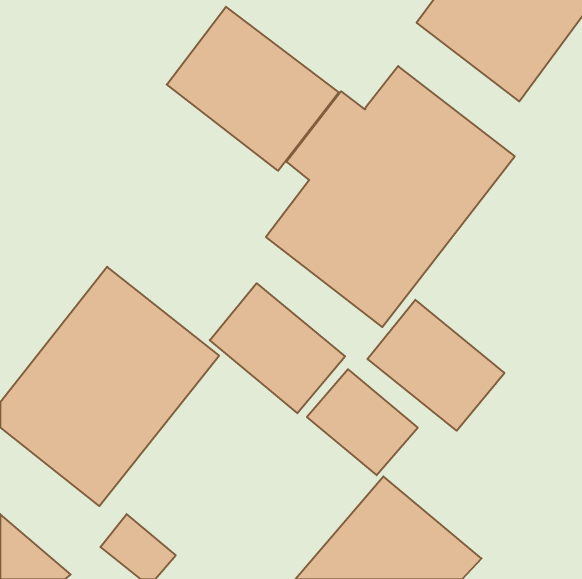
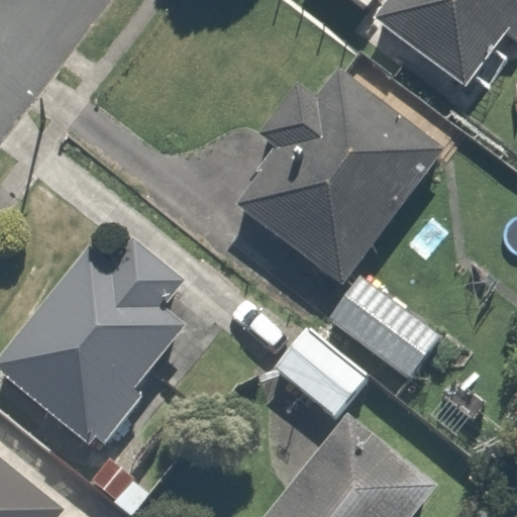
building: [167,7,339,171] -> none
building: [210,283,345,413] -> none

